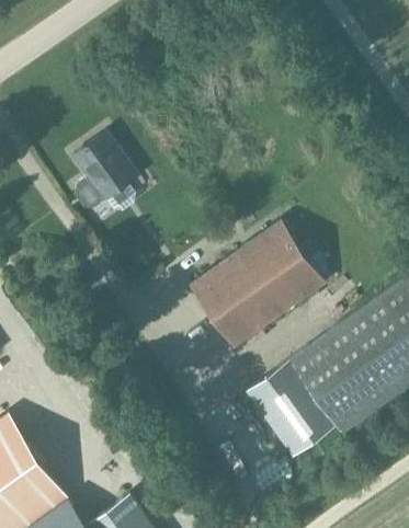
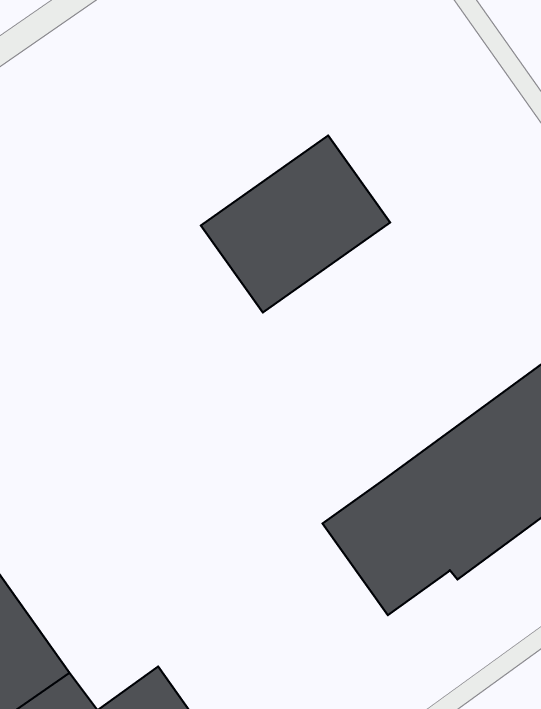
building: [72,134,136,200] -> none
building: [190,222,323,347] -> [201,135,390,312]

